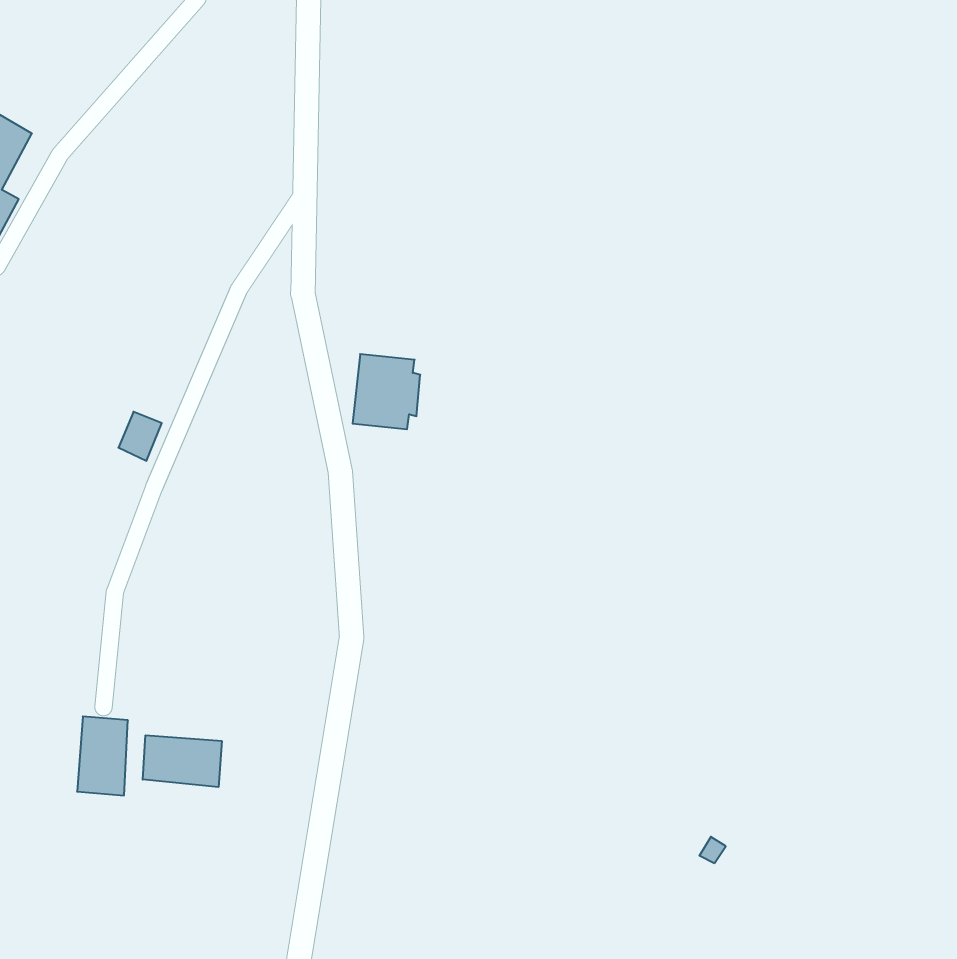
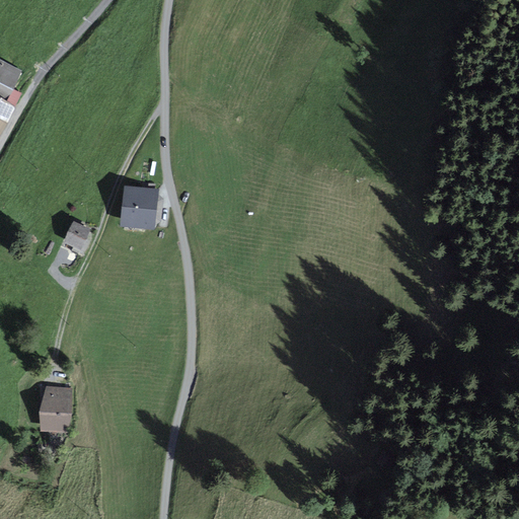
building: [353,354,420,429] -> [122,187,158,227]
building: [143,735,222,787] -> none

